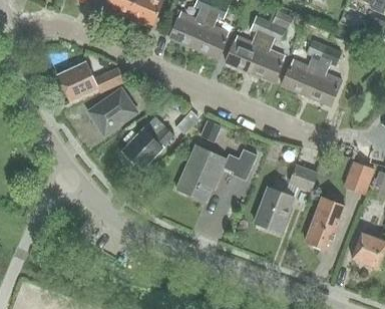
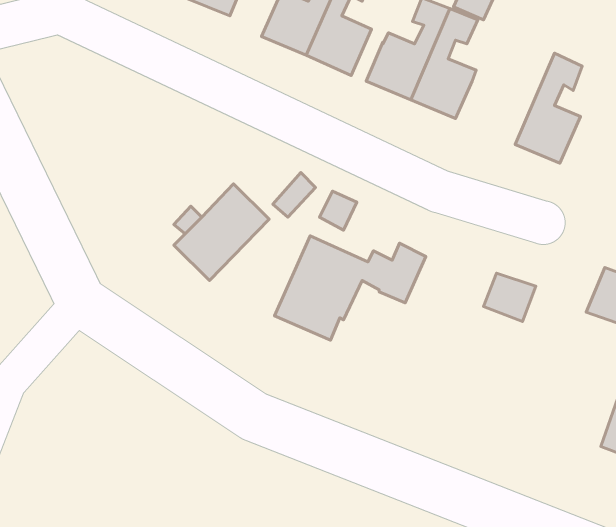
building: [282,40,326,95] -> none
building: [56,61,123,100] -> none
building: [89,89,136,132] -> none
building: [254,187,293,231] -> none
building: [305,199,345,250] -> none

